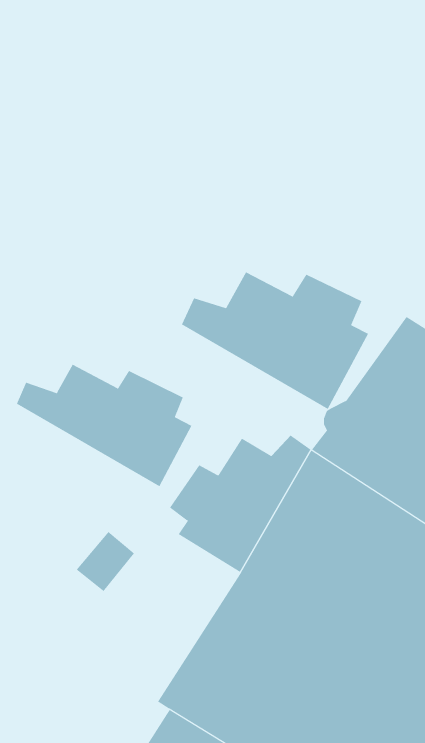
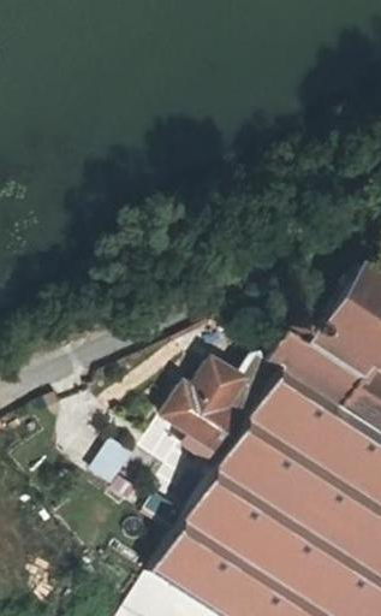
building: [181,272,369,410] -> none
building: [16,364,192,487] -> none

